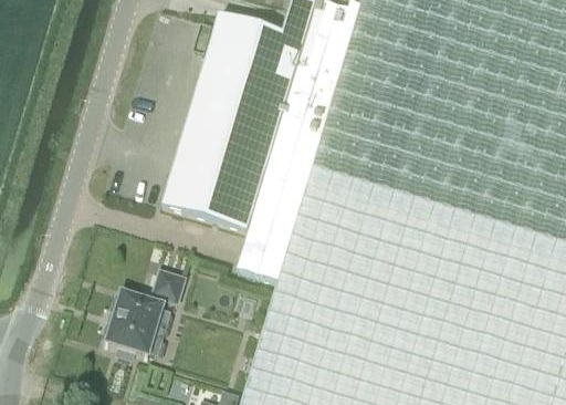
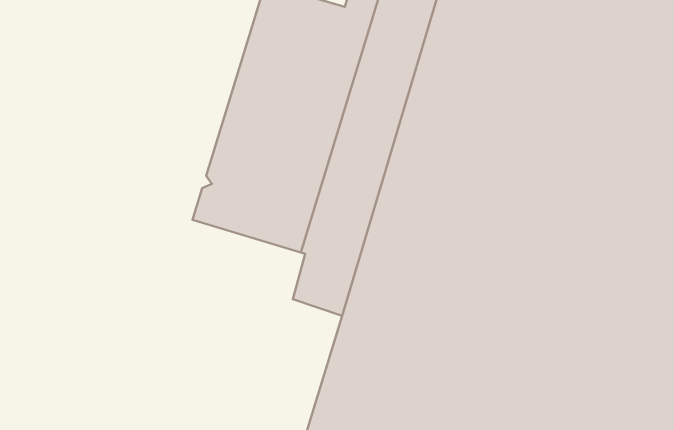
building: [101,273,180,363] -> none

